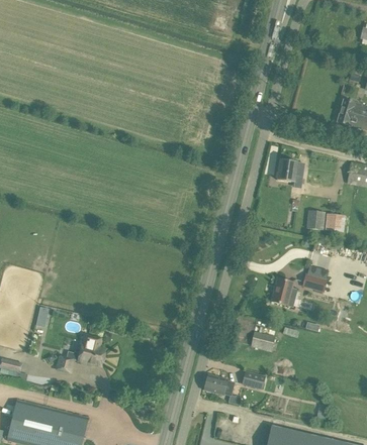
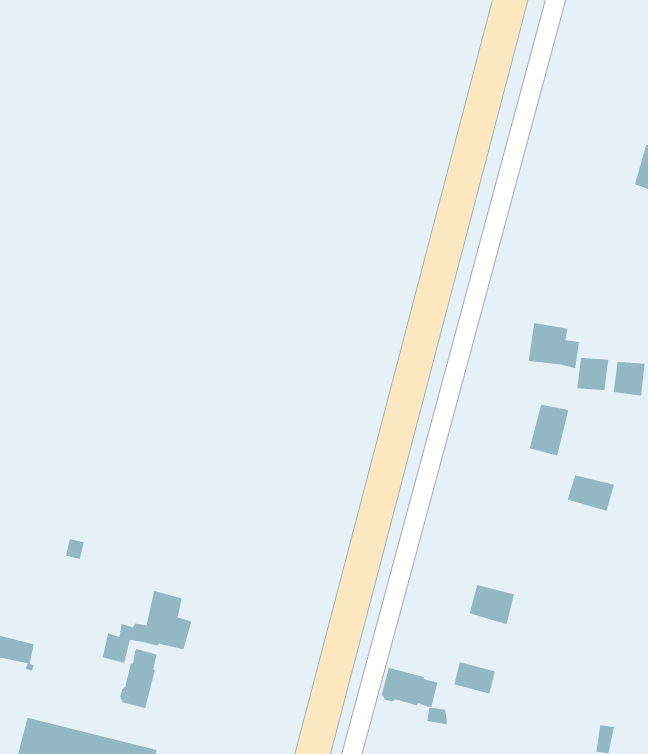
building: [277,158,304,183] -> [528,323,580,369]
building: [272,277,293,305] -> [529,404,569,456]
building: none -> [120,648,157,709]

